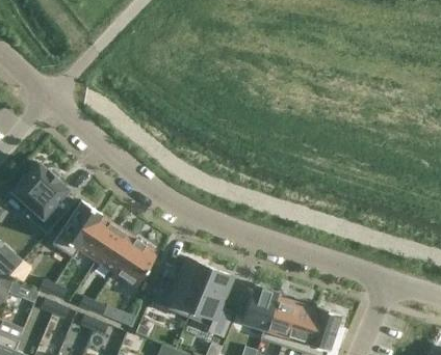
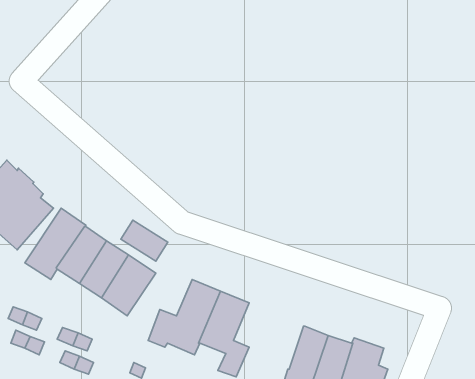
building: none -> [121,220,168,261]
building: [241,284,279,330] -> none

